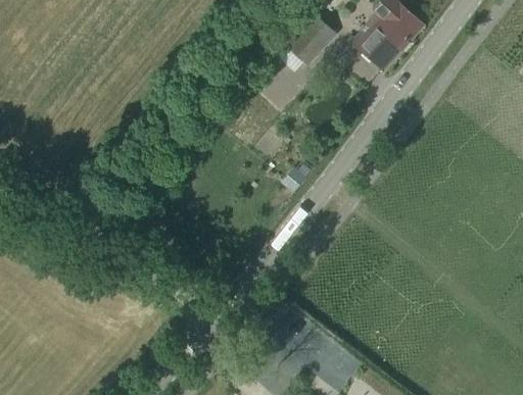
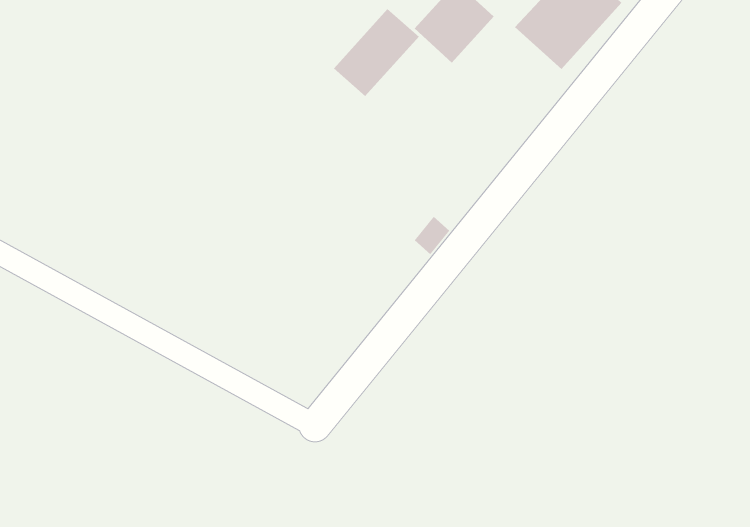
building: none -> [333,8,420,97]

